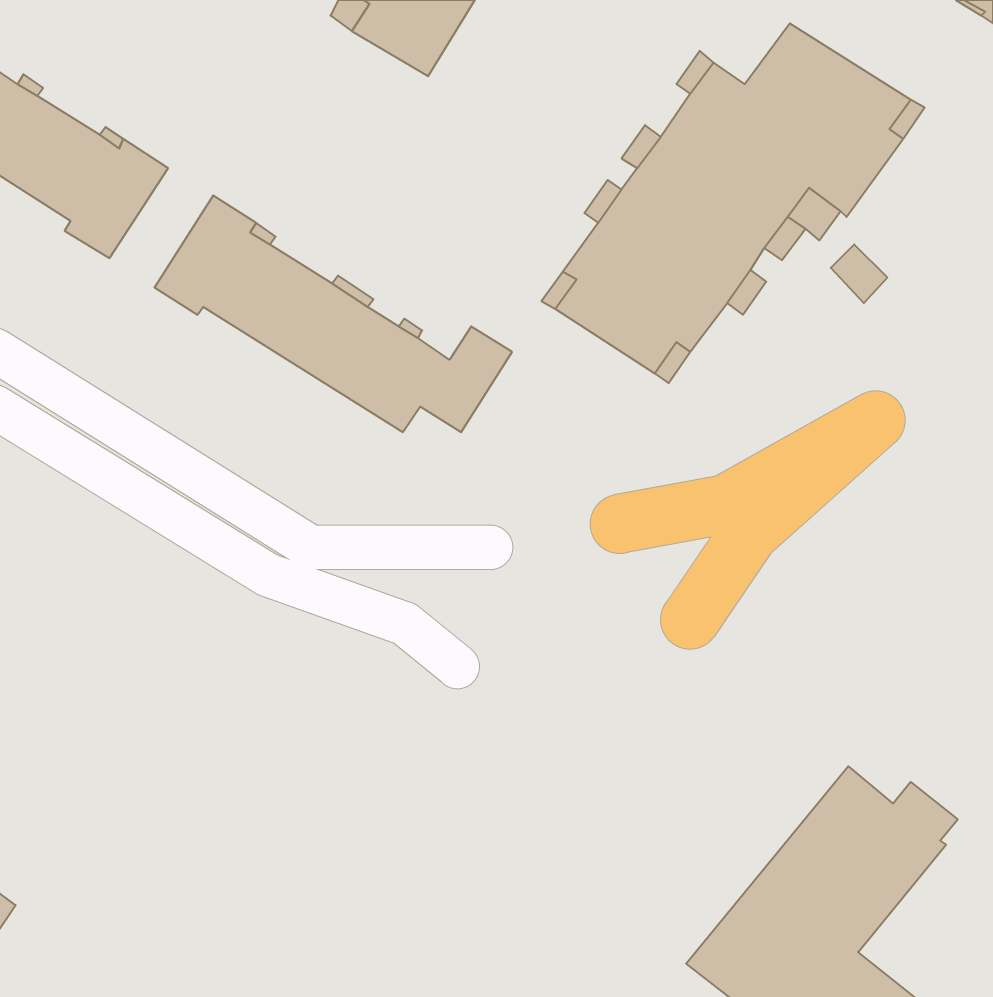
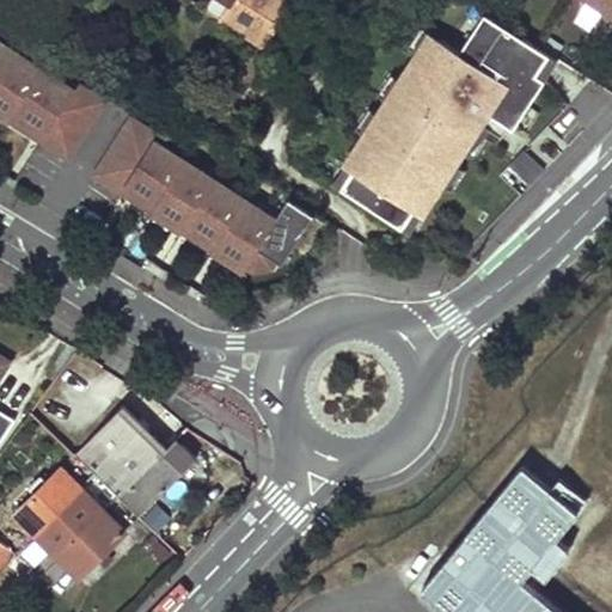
building: none -> [69,414,194,519]
building: none -> [12,469,122,579]

